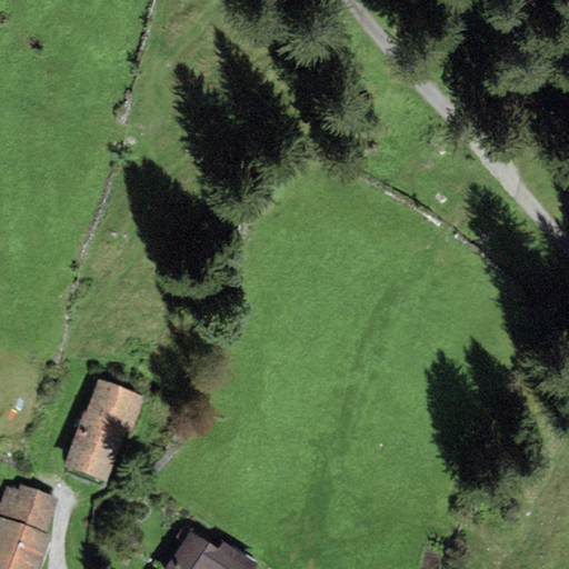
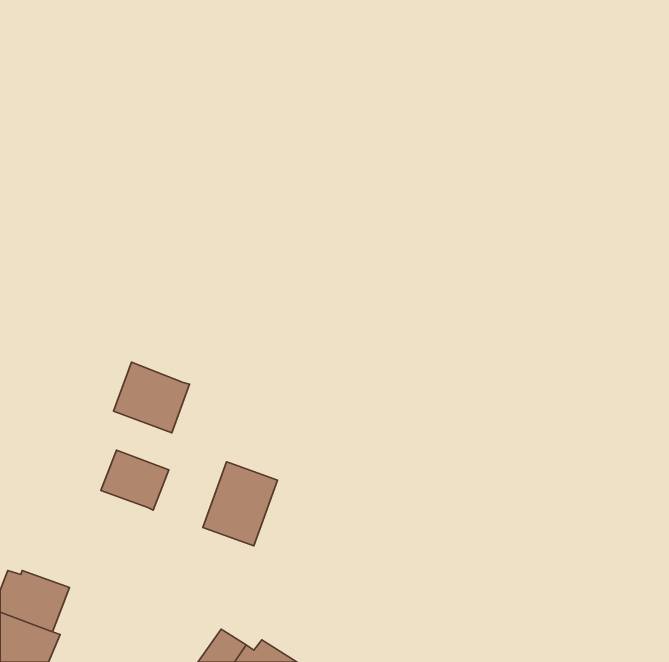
building: none -> [114,362,190,433]
building: [62,416,126,487] -> [203,462,278,546]

